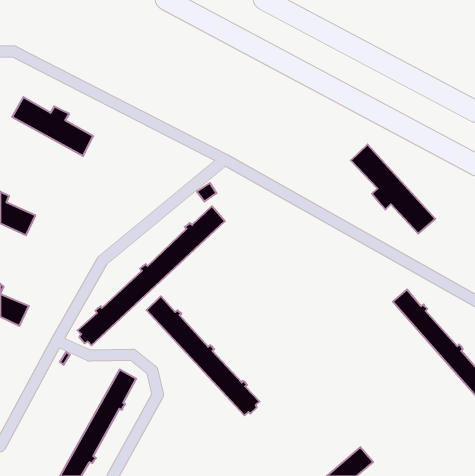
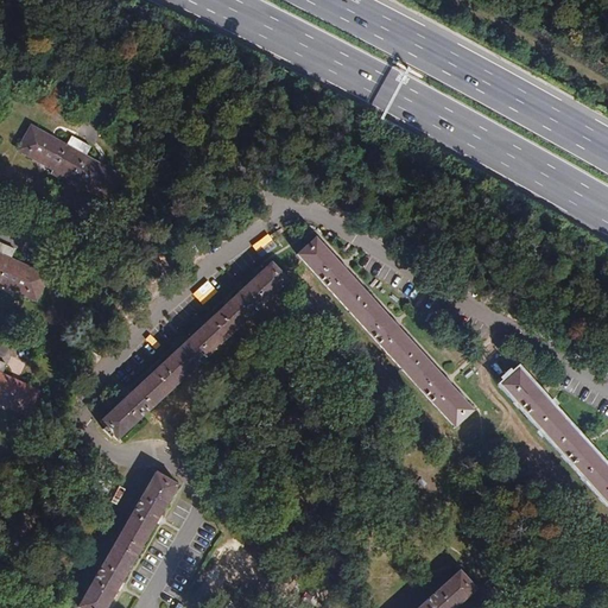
building: [351,144,435,234] -> none
building: none -> [298,236,474,426]
building: [146,296,260,415] -> none

